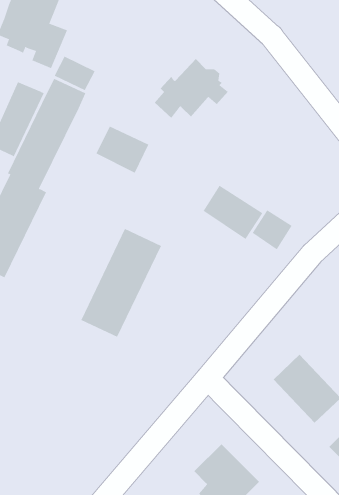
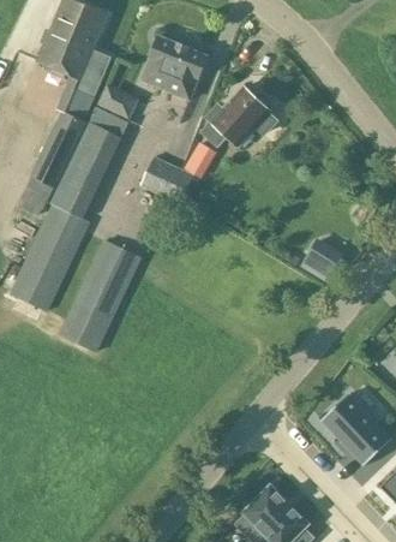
building: none -> [140,36,208,101]
building: none -> [182,138,216,175]
building: [203,185,263,240] -> none
building: [80,228,162,338] -> [58,239,142,352]

